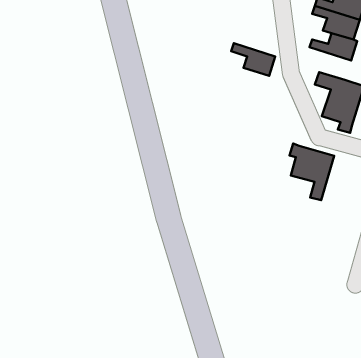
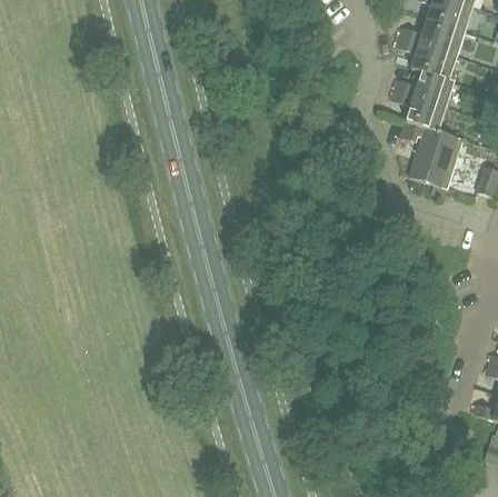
building: [231,43,275,76] -> [389,88,445,129]
building: [289,144,334,200] -> none

